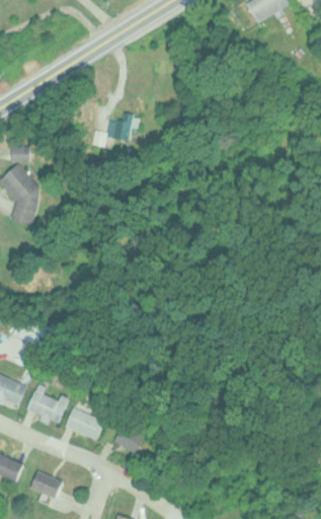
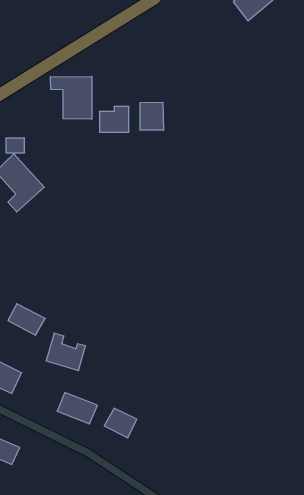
building: none -> [51,76,92,119]
building: none -> [140,102,163,130]
building: [27,384,68,423] -> [46,333,86,371]
building: [29,470,63,499] -> none

